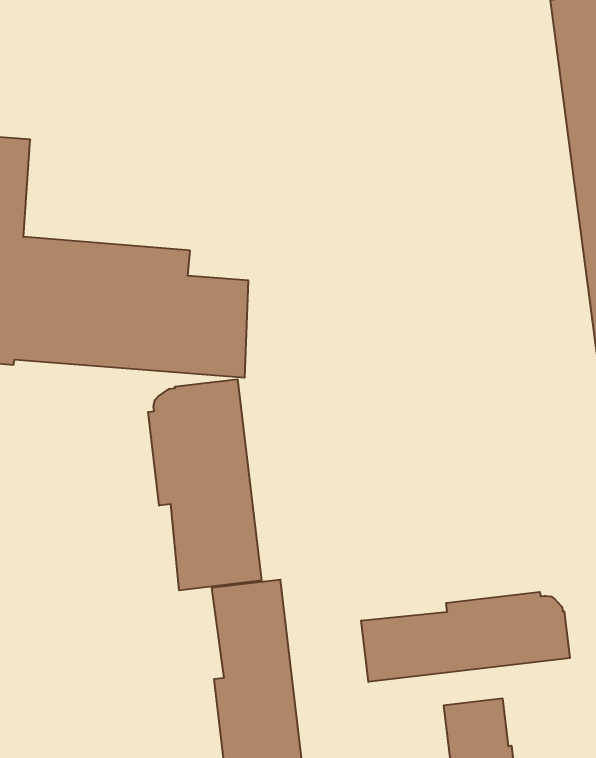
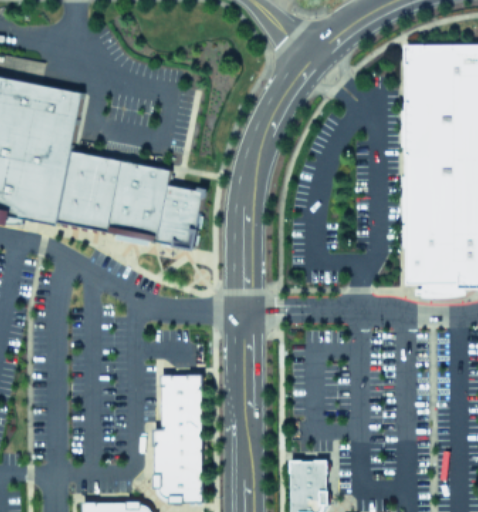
building: [148,379,261,590] -> none
building: [361,592,570,682] -> none

